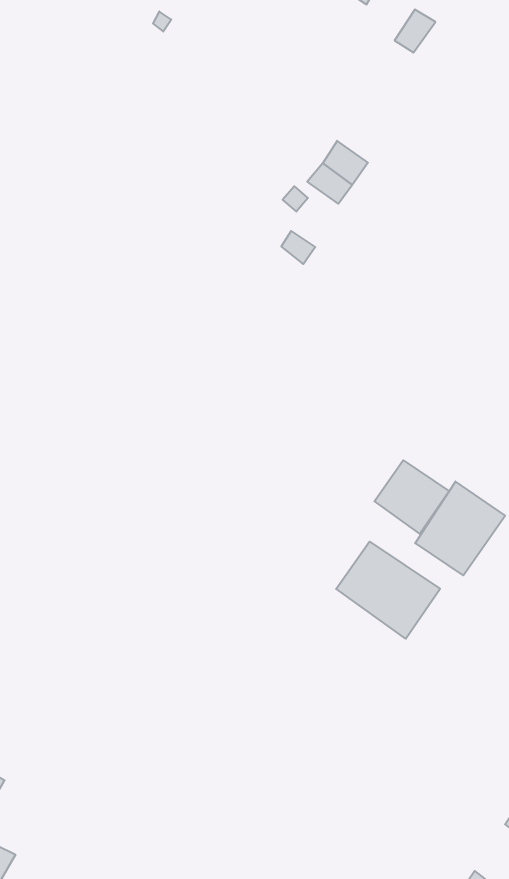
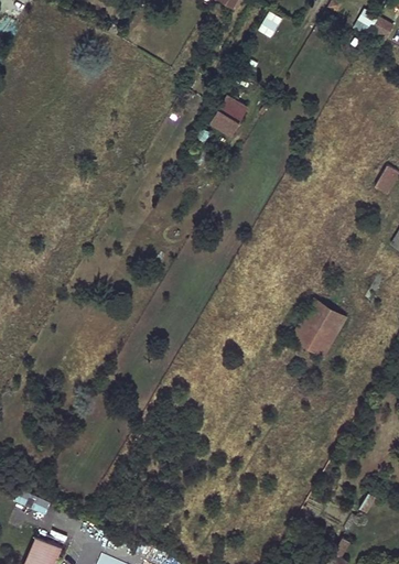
building: [374,460,449,534] -> none
building: [336,542,440,639] -> none

